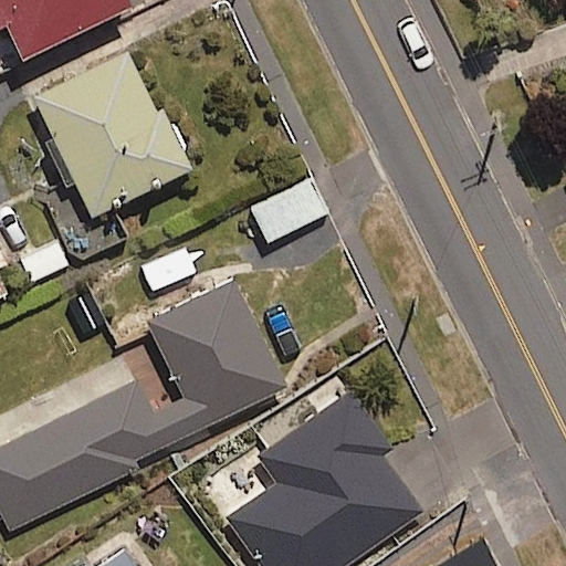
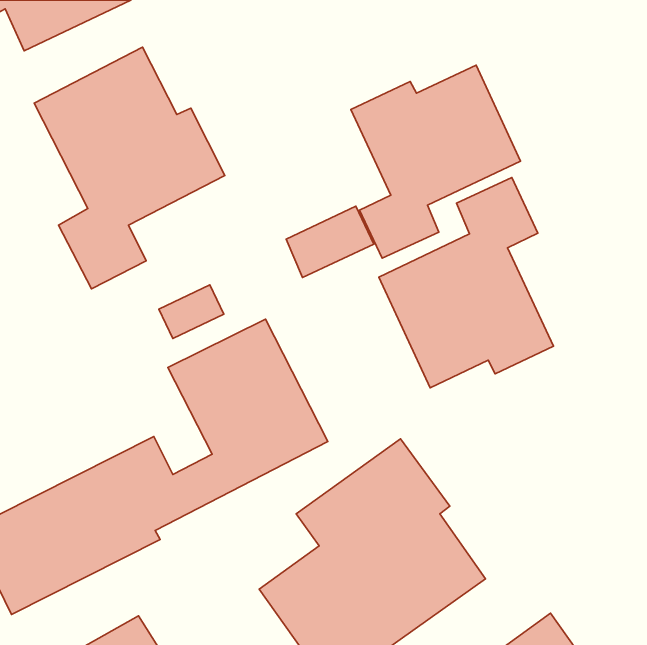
building: none -> [351,65,521,258]
building: none -> [379,177,553,388]

